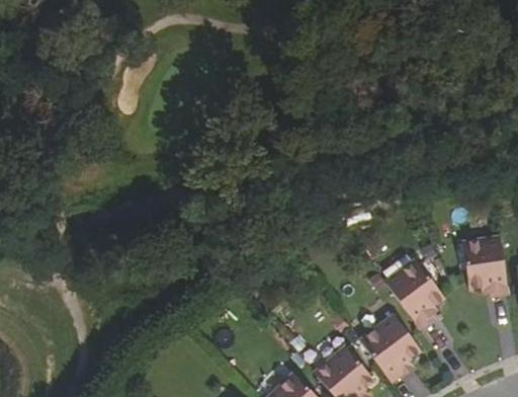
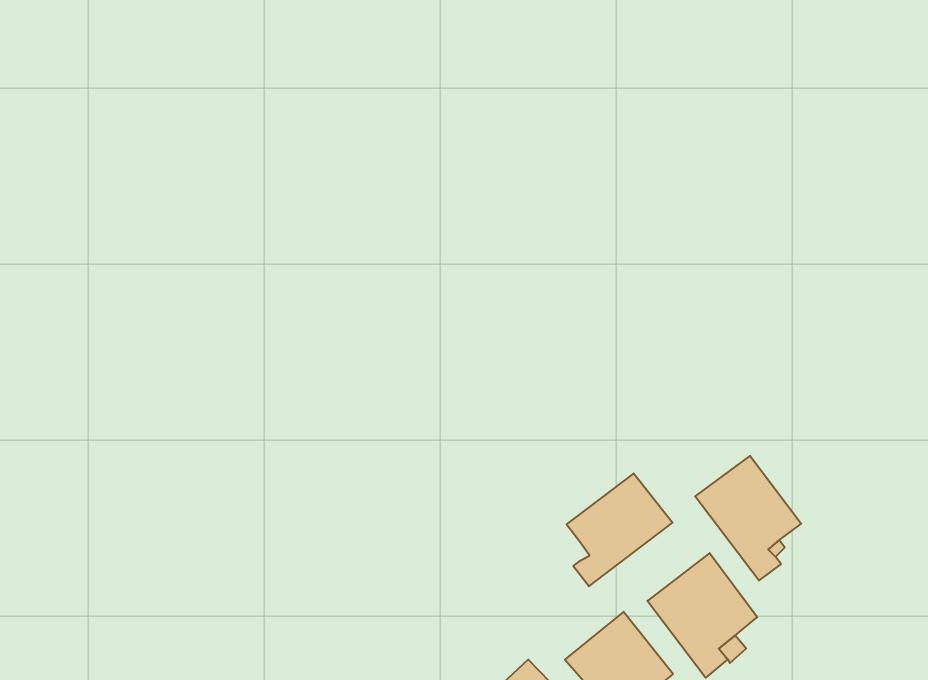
building: [462,237,508,298] -> none
building: none -> [567,473,673,586]

